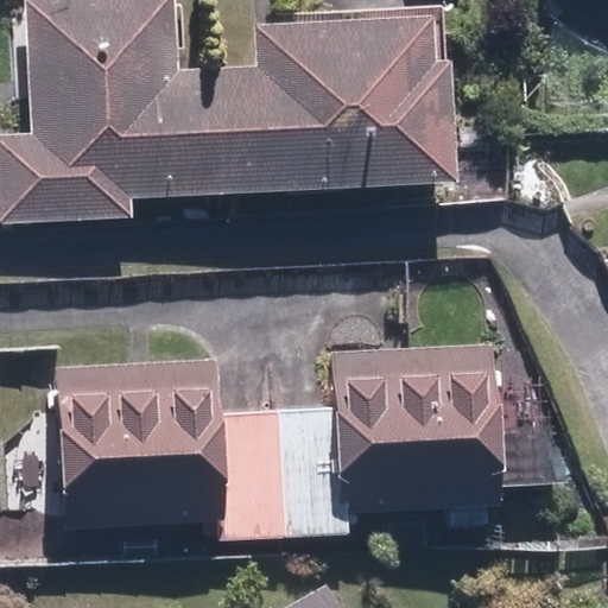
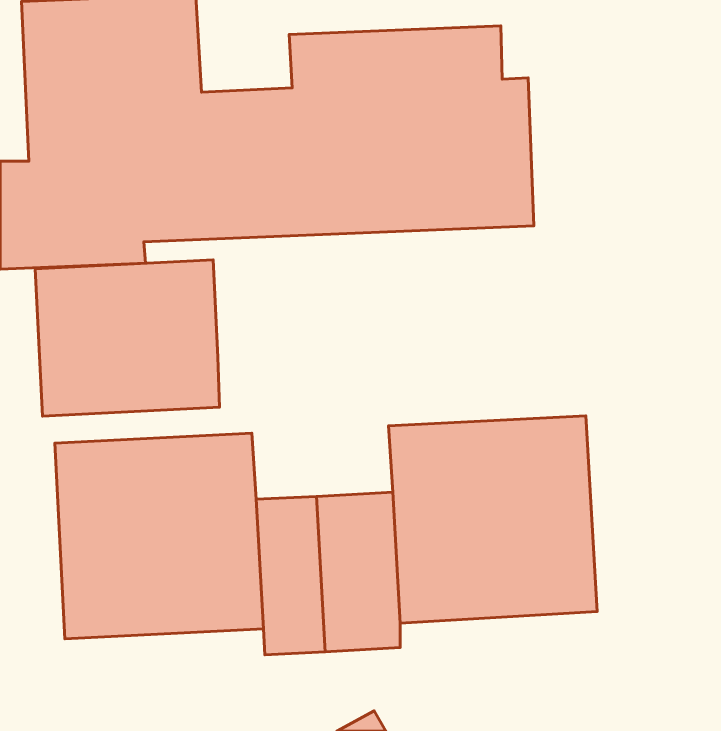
building: none -> [35,260,219,416]

